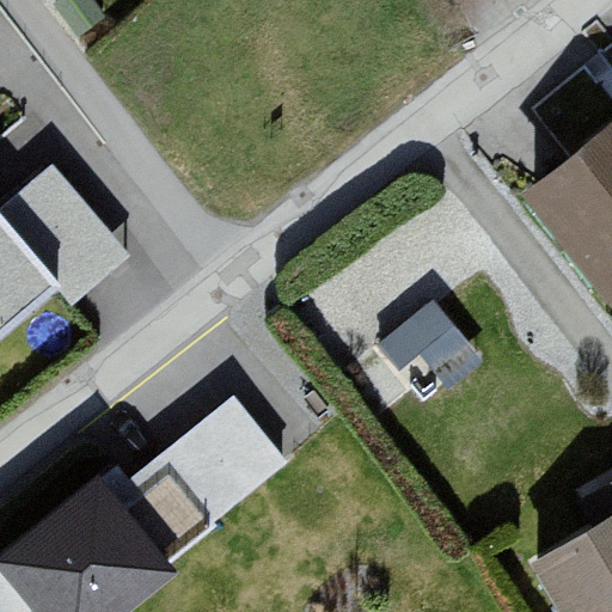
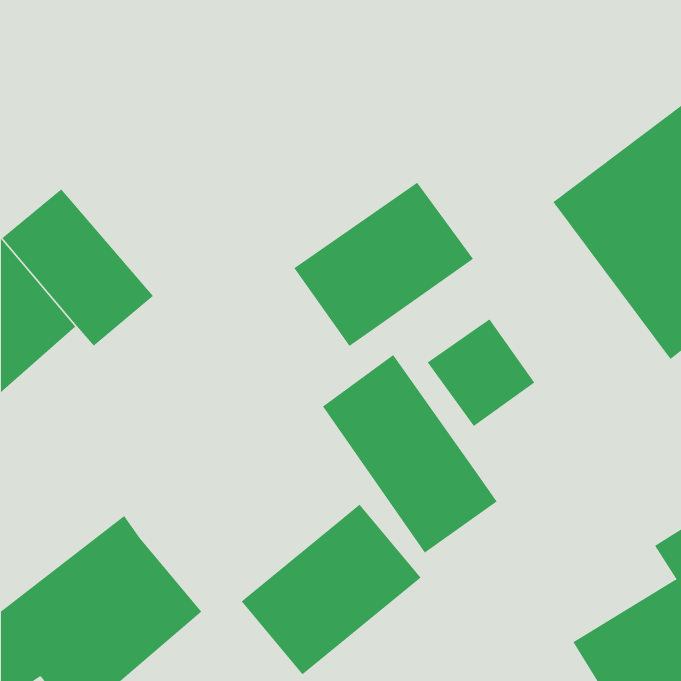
building: none -> [294,182,474,347]
building: none -> [322,354,497,553]
building: [128,396,289,549] -> [241,504,421,675]

